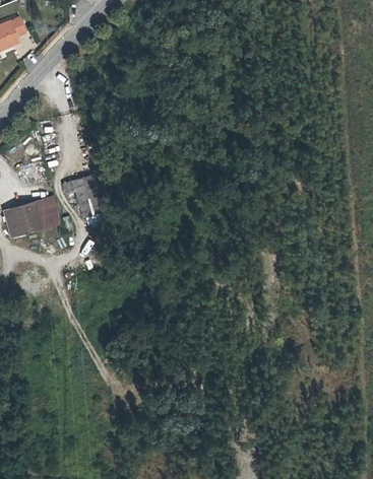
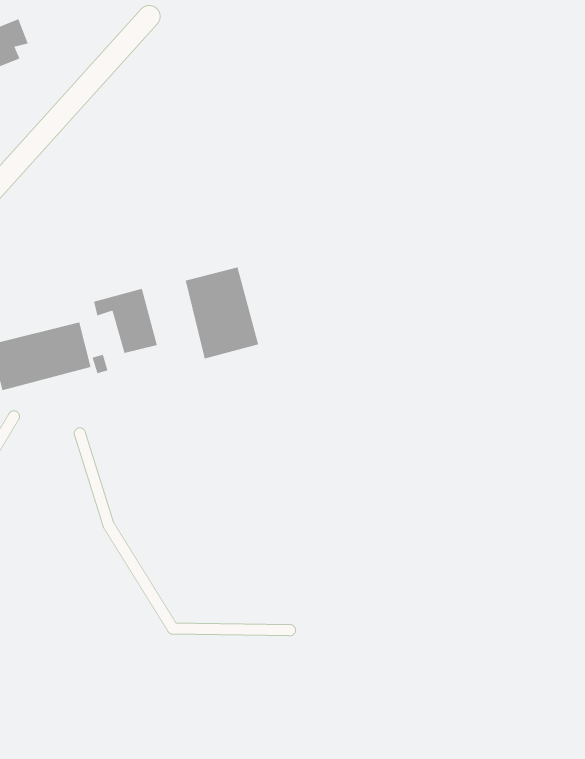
building: none -> [185,267,259,360]

